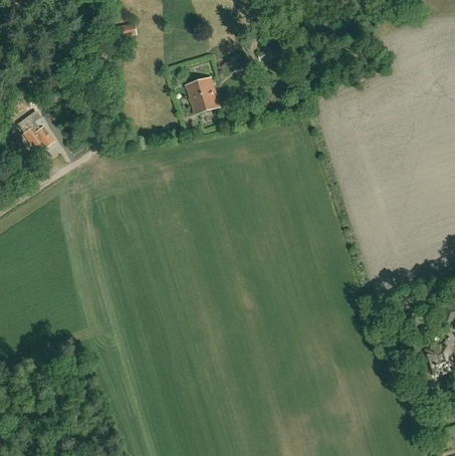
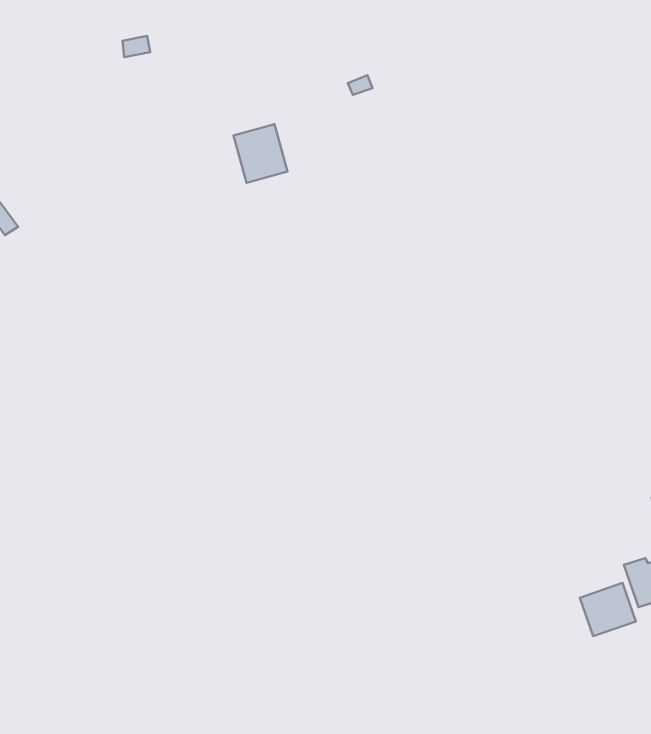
building: none -> [580,583,636,636]

